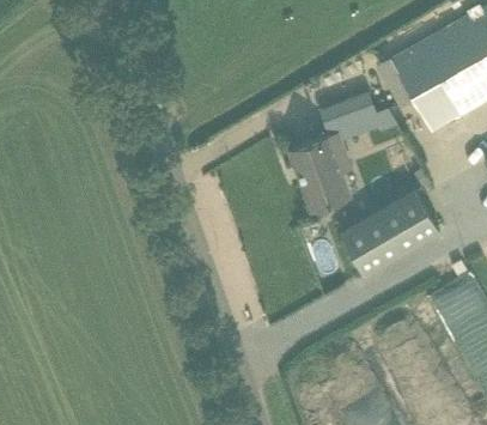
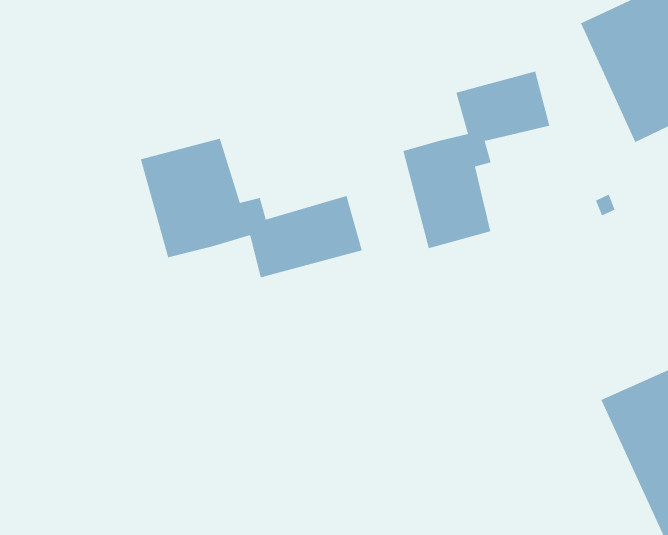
building: none -> [140,138,362,278]
building: [339,189,439,275] -> none

